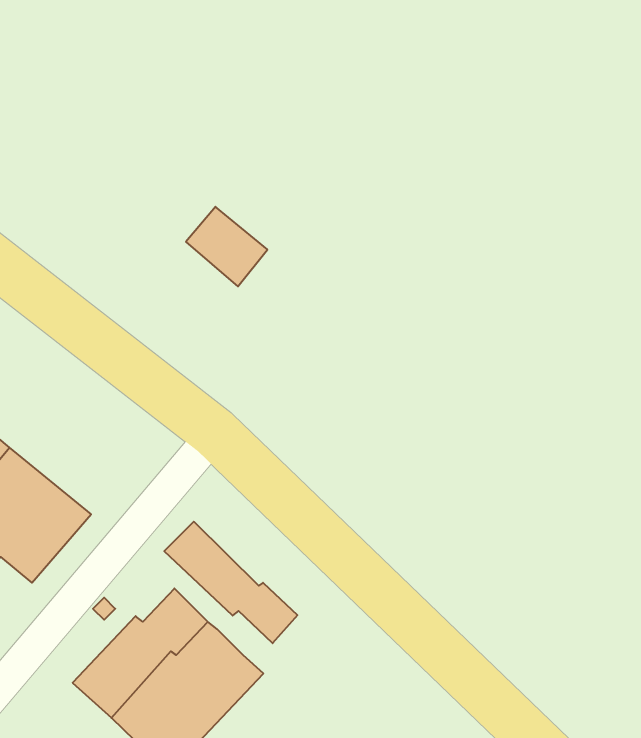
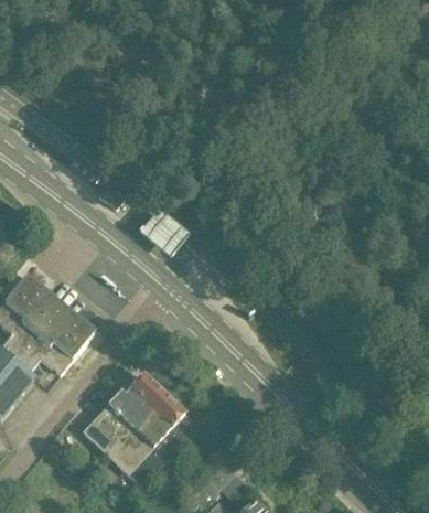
building: [186,207,267,286] -> [135,205,183,253]
building: [164,522,297,643] -> none

